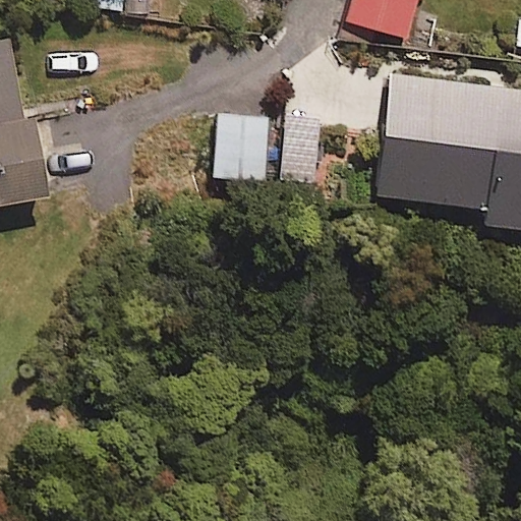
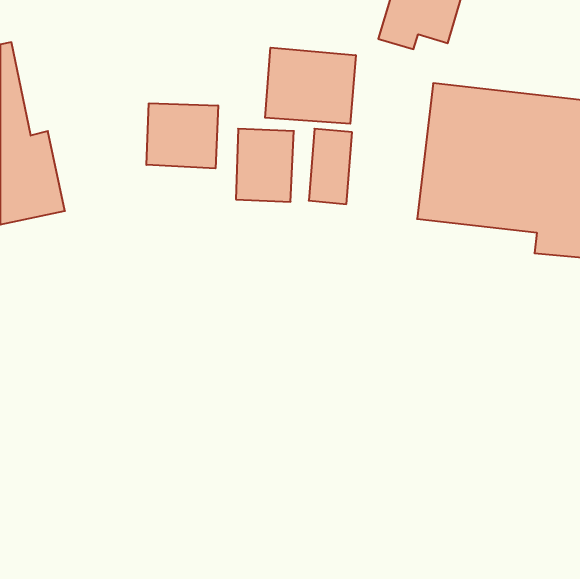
building: none -> [265,48,356,124]
building: none -> [146,103,218,168]

